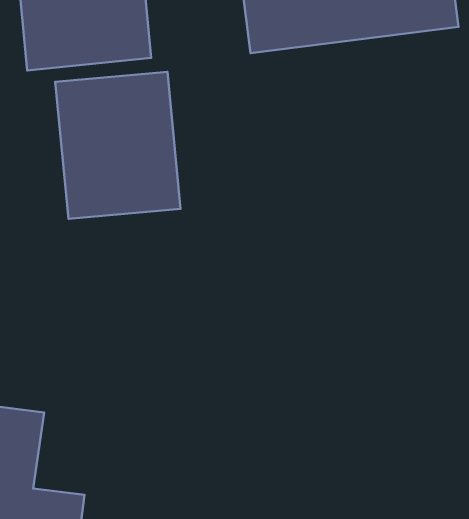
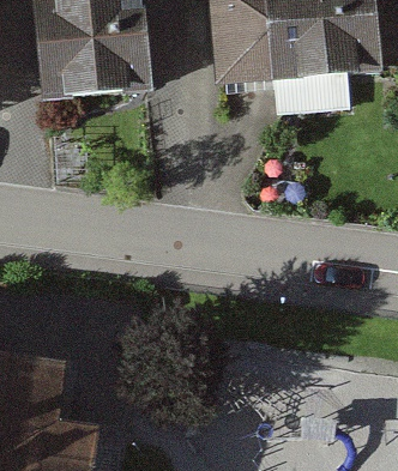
building: [55,72,181,219] -> none

